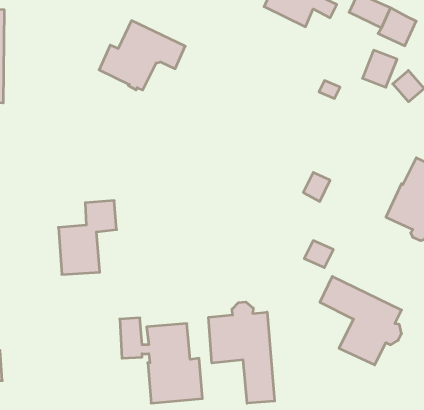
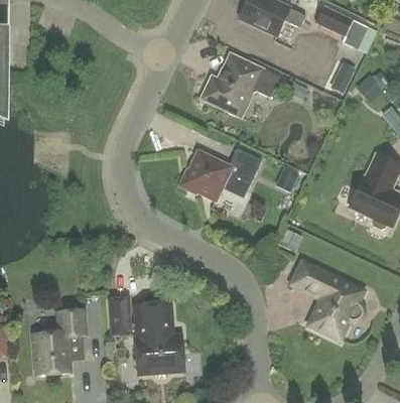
building: [99,21,185,90] -> [202,53,279,116]
building: none -> [179,147,262,200]
building: [58,201,117,274] -> [33,308,86,375]
building: [209,302,275,403] -> none

